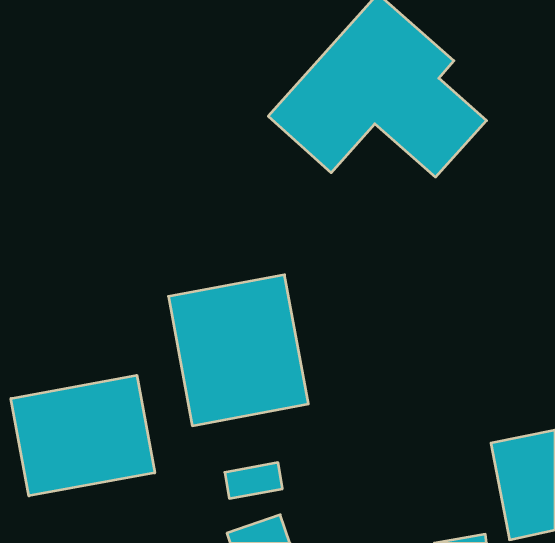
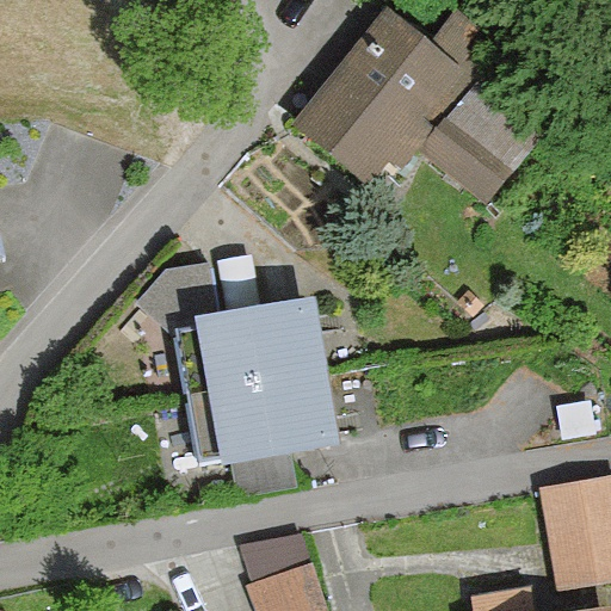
building: [11,375,155,496] -> none

